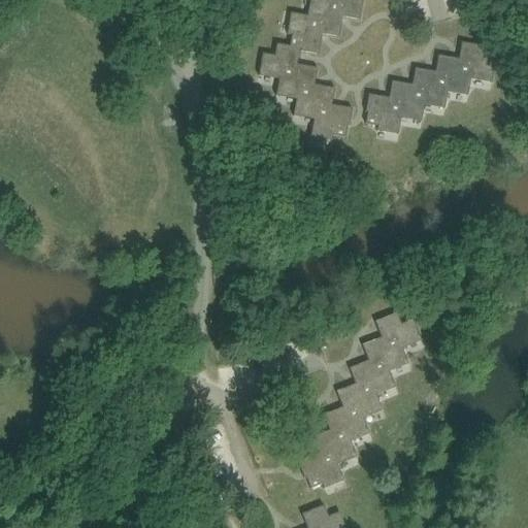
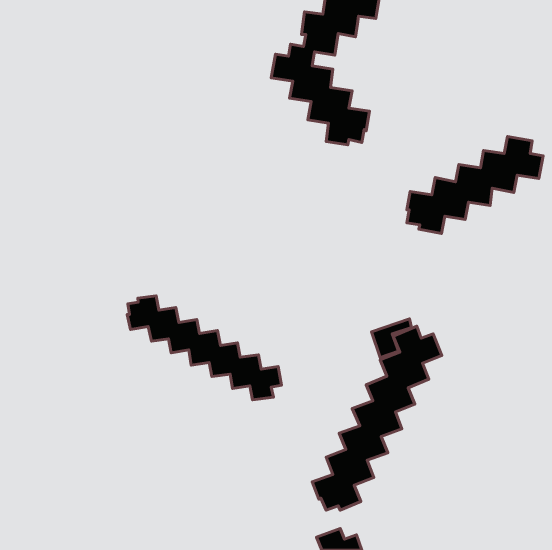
building: [366,40,496,133] -> [407,136,543,234]
building: none -> [127,296,282,400]

